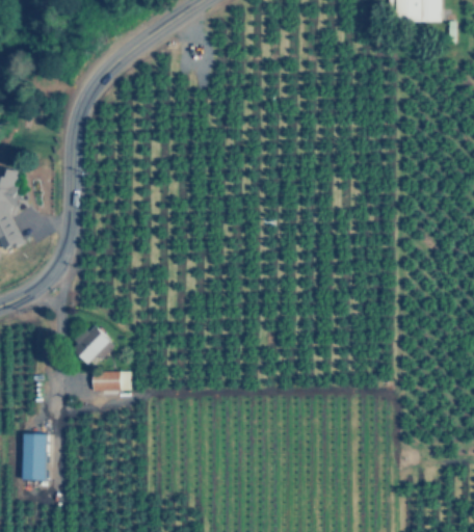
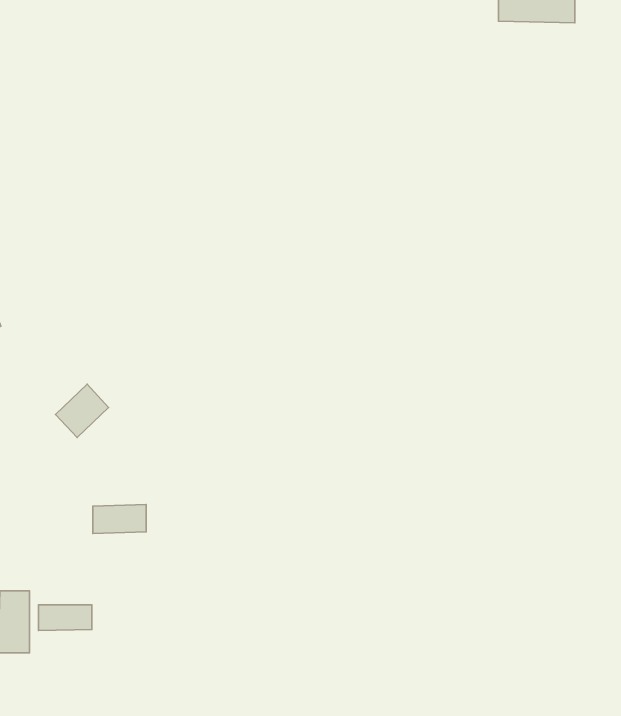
building: [73,324,111,363] -> [55,384,109,438]
building: none -> [38,605,92,631]

